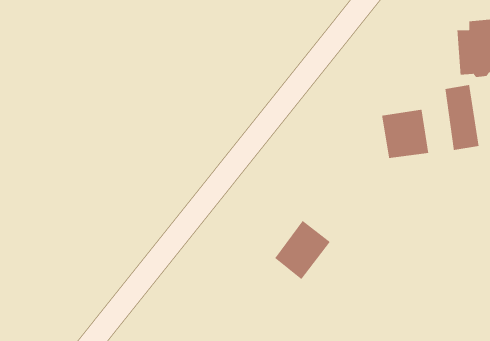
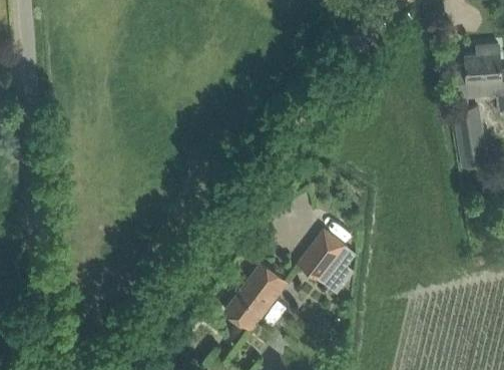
building: [381,109,429,159] -> none
building: none -> [224,262,288,330]

